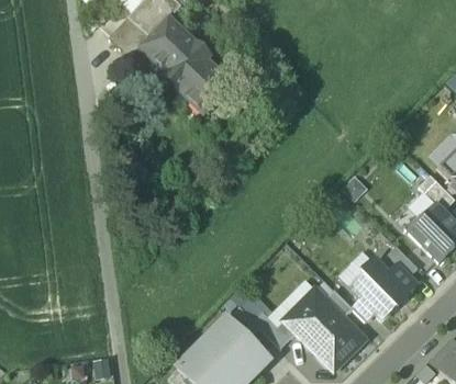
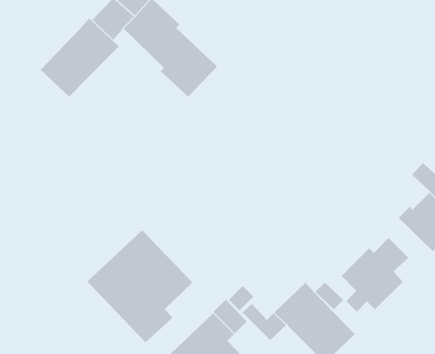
building: none -> [40,18,119,98]
building: none -> [87,229,193,343]

